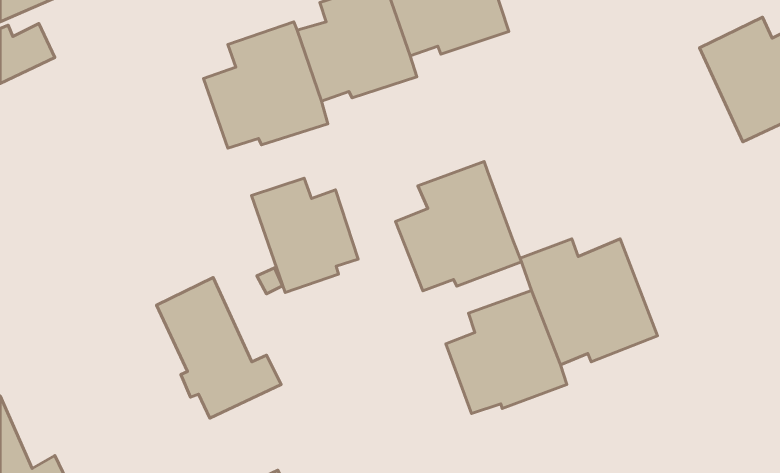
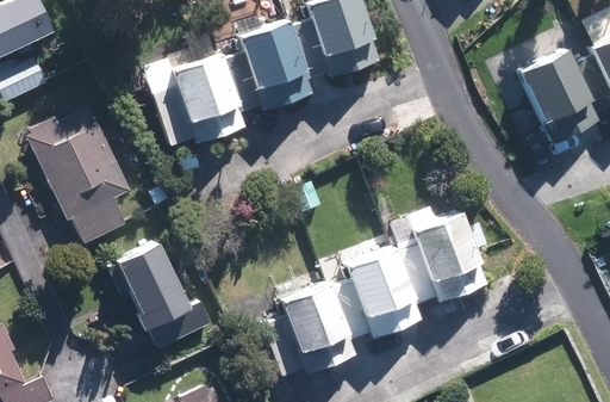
building: none -> [27,101,132,241]
building: [395,162,521,291] -> [263,283,356,378]
building: [252,178,358,293] -> none

